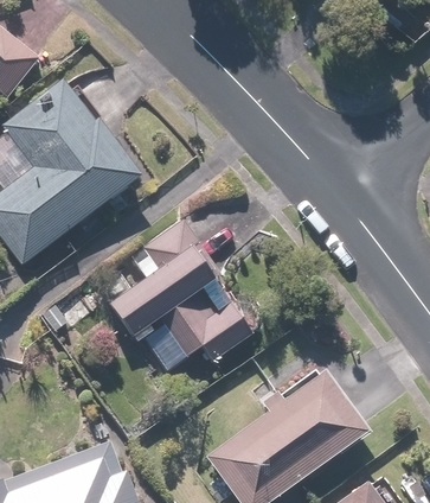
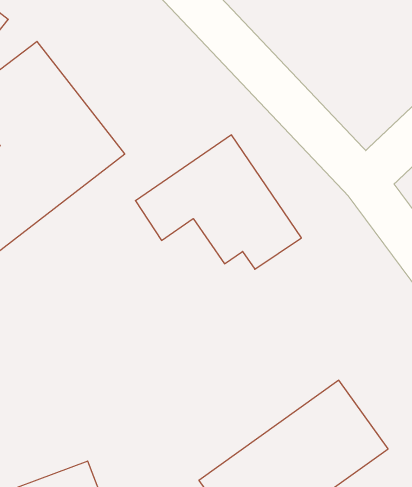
building: [110,246,253,362] -> [135,135,301,269]

